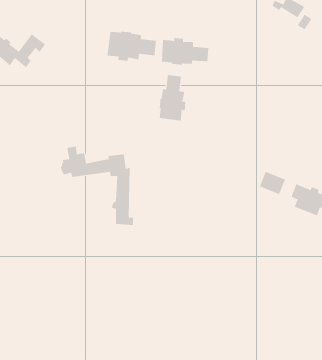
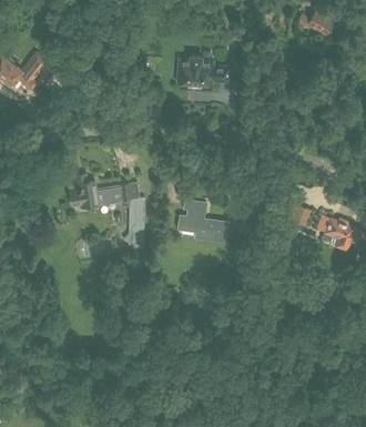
building: [107,31,157,61] -> none
building: [159,74,186,121] -> none
building: none -> [179,202,228,241]

